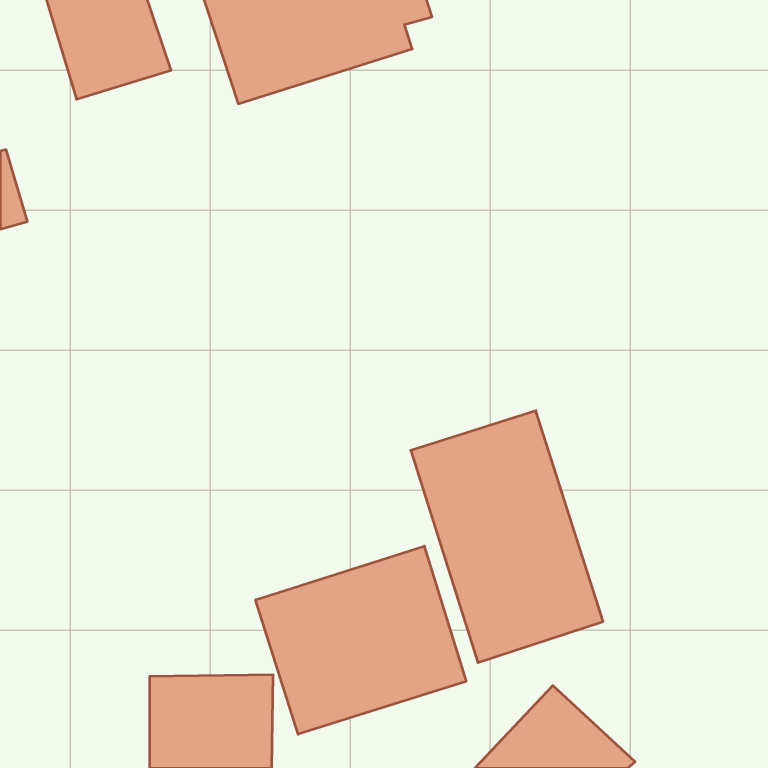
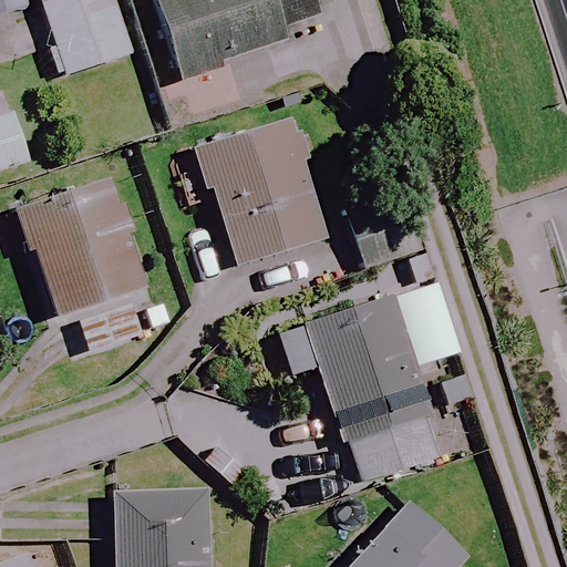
building: none -> [197,122,328,266]
building: none -> [24,186,152,350]
building: [256,546,466,734] -> none

